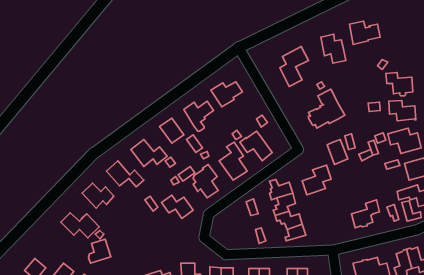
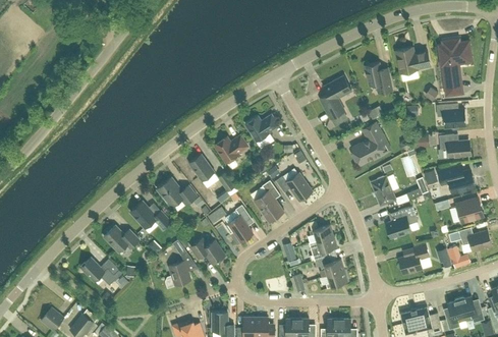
building: none -> [439,41,471,95]
building: [302,165,331,195] -> [386,206,418,238]
building: [89,239,111,263] -> [166,261,190,287]

